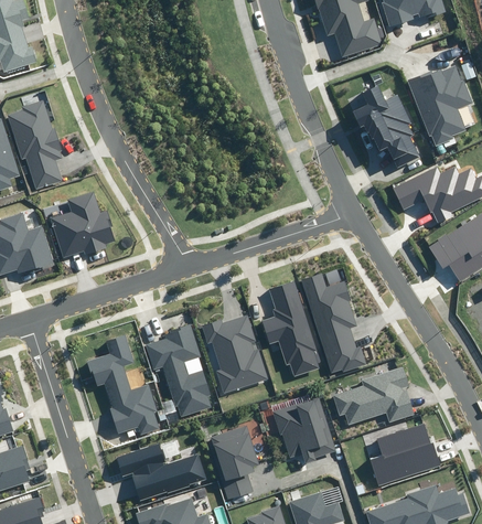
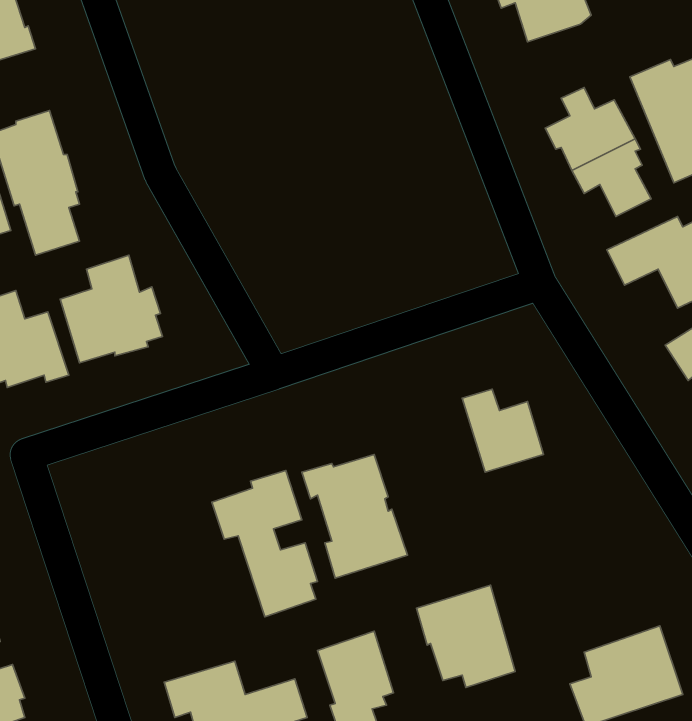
building: [261,281,318,376] -> none
building: [315,316,366,374] -> none
building: [86,335,160,437] -> none
building: [331,366,413,426] -> none

